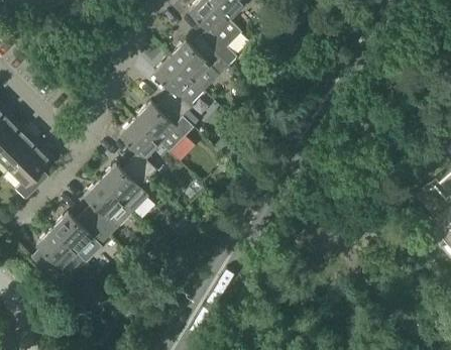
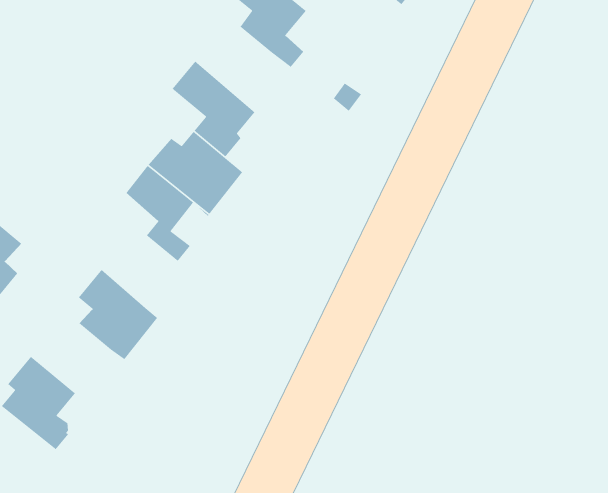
building: [168,39,227,93] -> none
building: [99,162,147,214] -> none
building: [50,213,108,264] -> none

